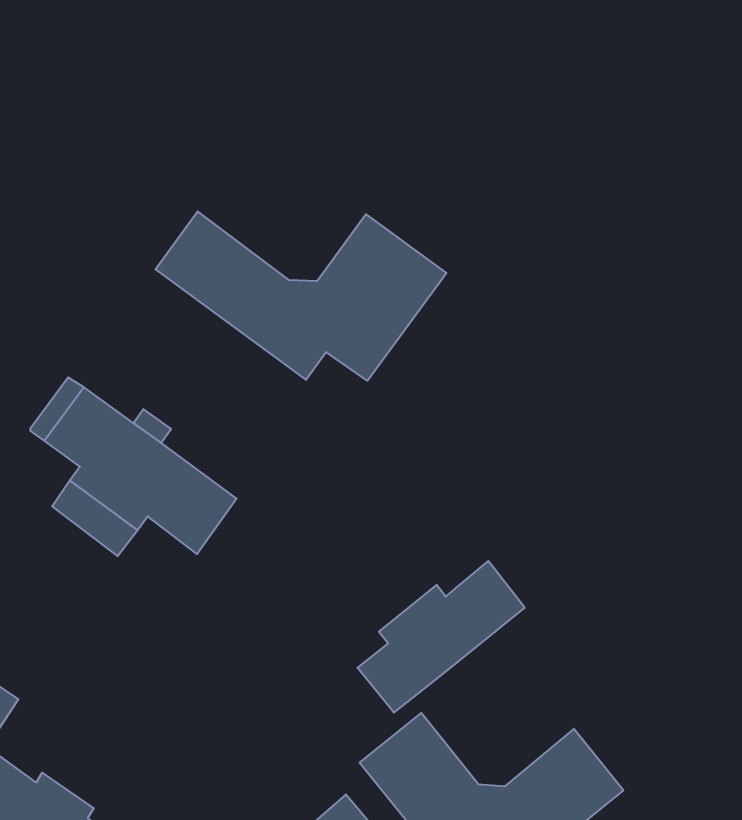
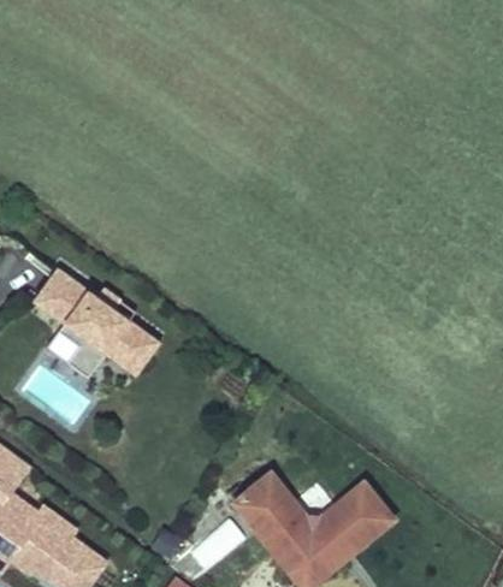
building: [155,211,446,381] -> none
building: [357,561,525,713] -> none

